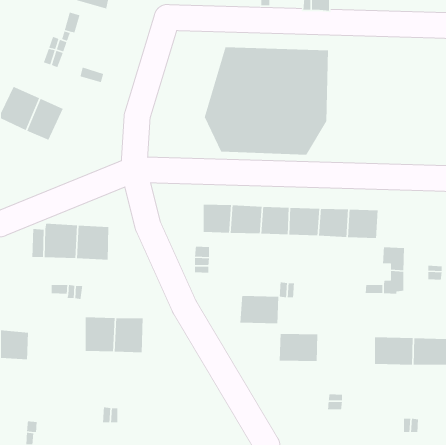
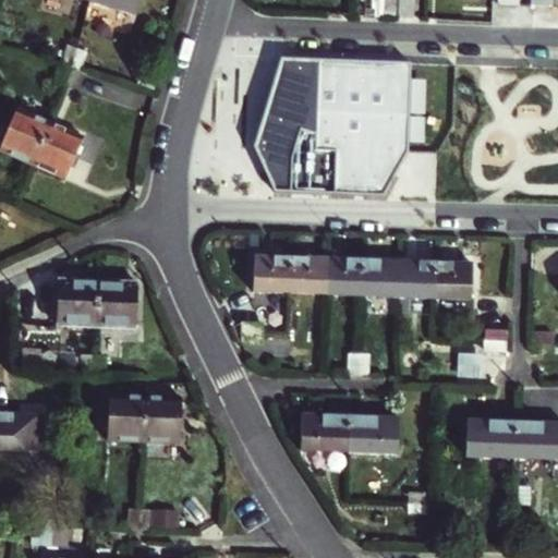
building: [240,295,279,324] -> [301,414,350,450]

